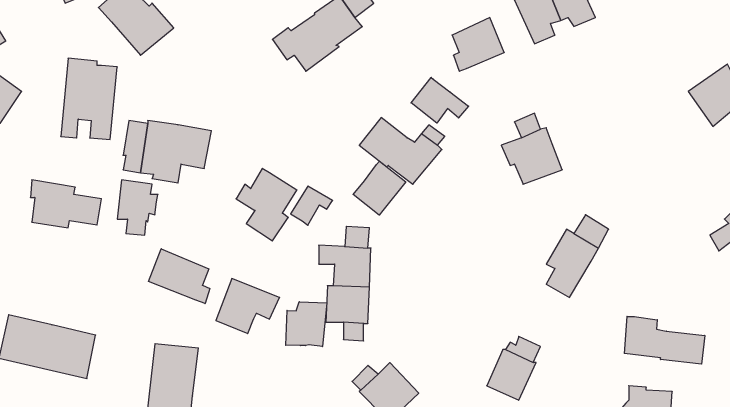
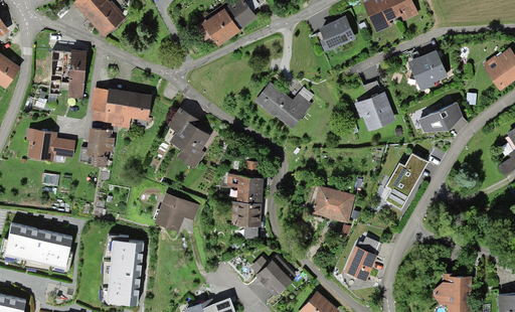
building: none -> [407,48,448,92]
building: [411,77,469,123] -> none
building: none -> [417,101,463,132]
building: [353,161,406,215] -> none
building: [291,186,333,225] -> [167,107,196,134]
building: [149,249,210,304] -> none
building: none -> [312,185,355,222]
building: [286,302,327,347] -> none
building: [624,316,705,364] -> none

